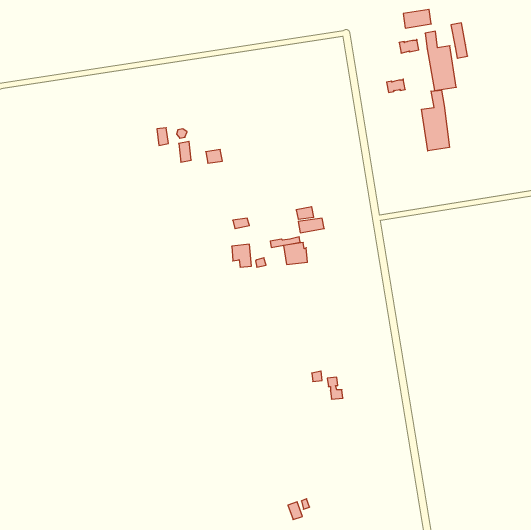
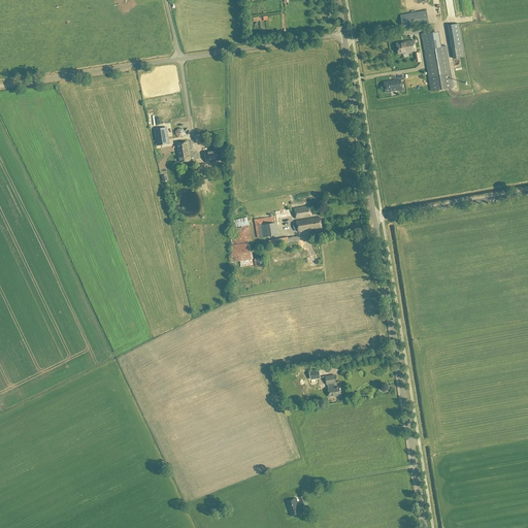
building: [422,90,449,151] -> none
building: [283,243,307,264] -> [254,216,277,237]

